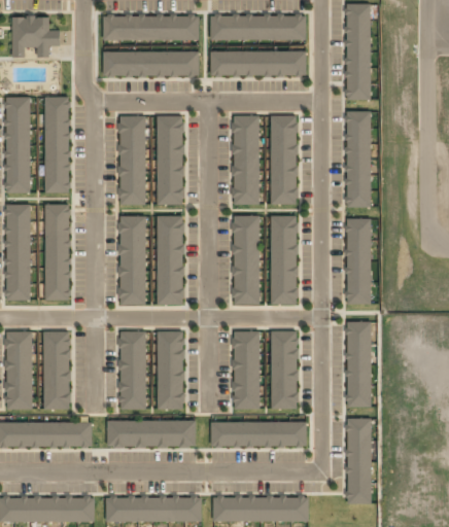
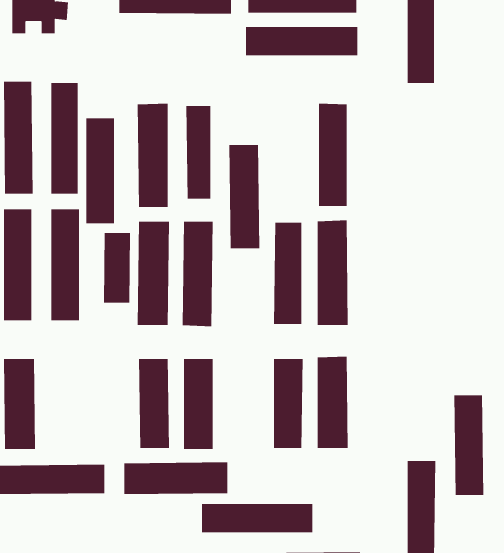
building: [103,51,199,76] -> none
building: [346,111,371,207] -> none
building: [233,116,260,205] -> [229,144,260,249]
building: none -> [86,118,114,224]
building: [346,218,371,304] -> none
building: none -> [103,232,131,303]
building: [346,321,372,407] -> [454,395,484,496]
building: [43,332,71,410] -> none
building: [211,422,306,447] -> [201,504,313,533]

